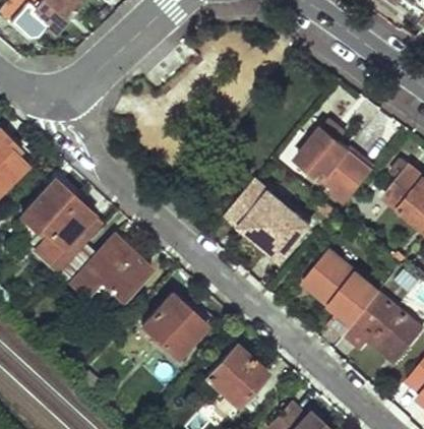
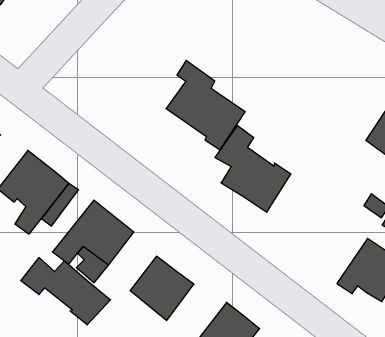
building: [296,113,373,203] -> [166,60,245,150]
building: [305,252,379,334] -> none
building: none -> [21,258,111,325]

